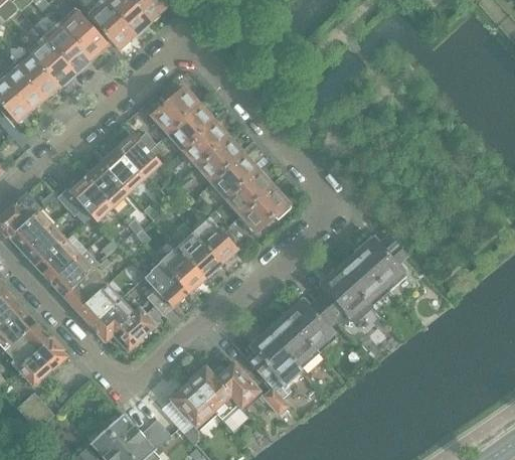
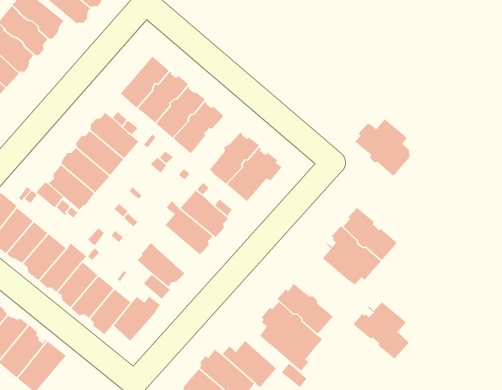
building: [206,152,256,199] -> none
building: [355,236,405,291] -> [354,118,410,177]
building: [158,246,200,293] -> none
building: [285,296,335,351] -> [353,302,409,360]

